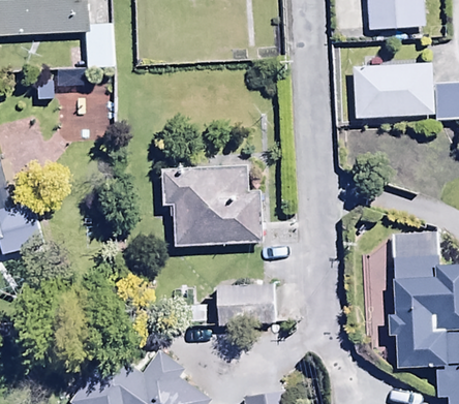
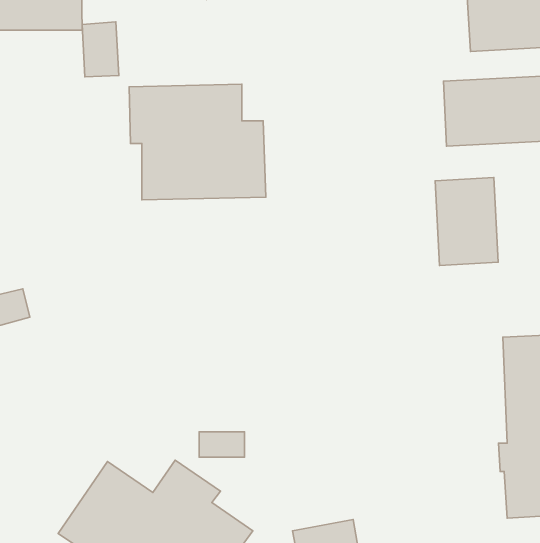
building: none -> [435,177,498,266]
building: [161,158,262,243] -> [129,84,266,200]
building: [216,280,276,325] -> none

